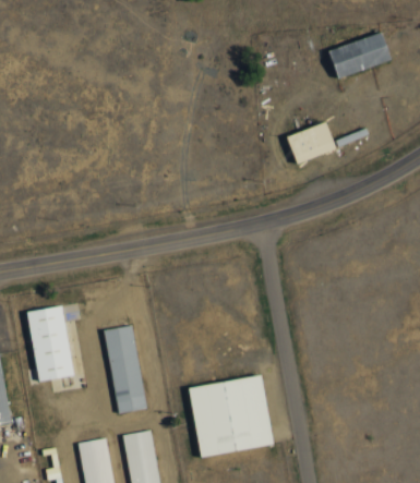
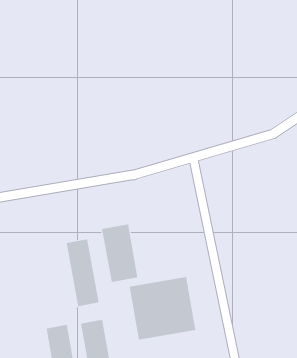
building: [325,32,392,80] -> none
building: [284,121,334,164] -> none
building: [25,305,73,382] -> [101,224,138,283]

